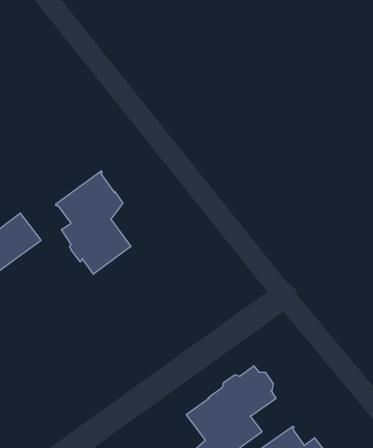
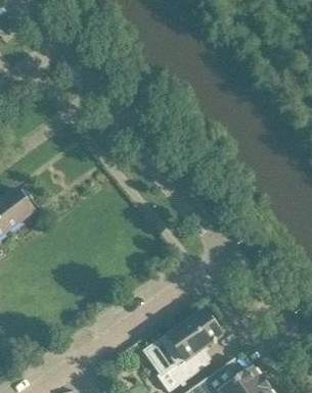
building: [56,171,131,274] -> none

